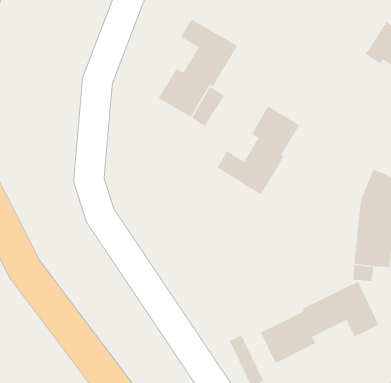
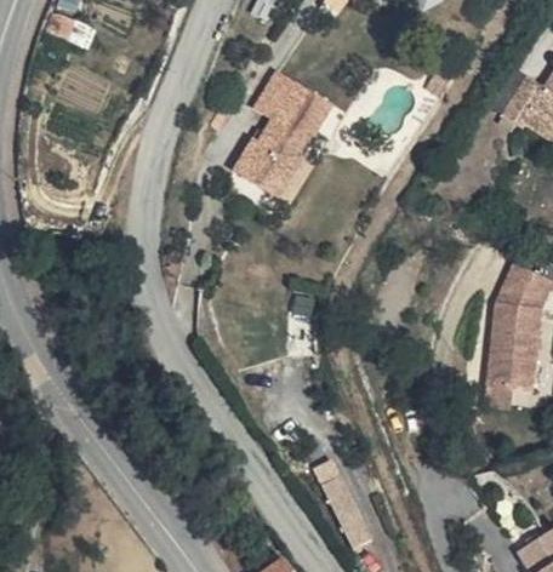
building: [216,105,300,196] -> none
building: [260,281,380,364] -> none

